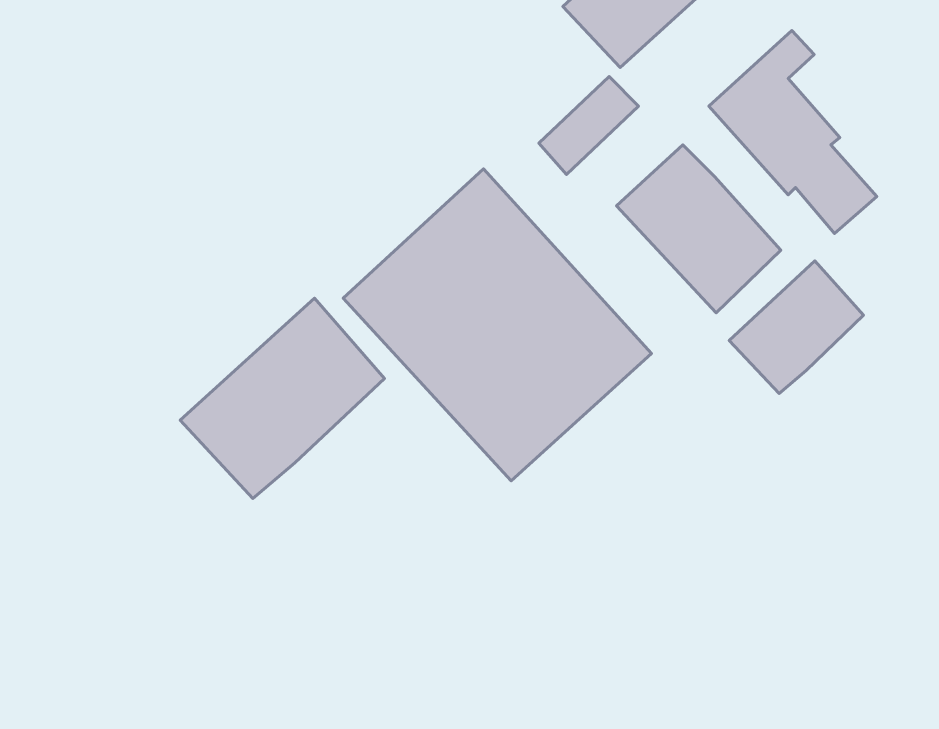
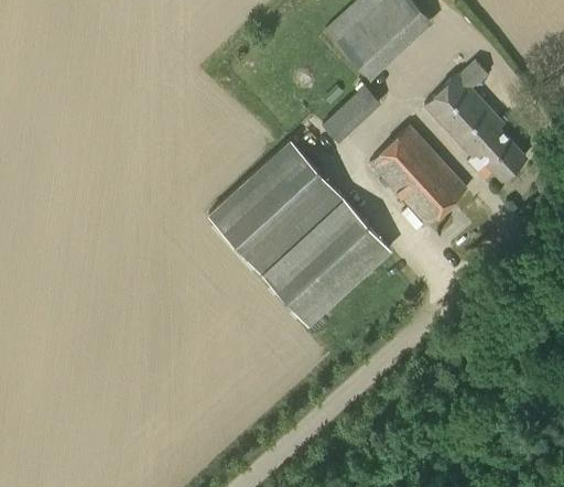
building: [729,261,863,394] -> none
building: [180,298,385,499] -> none

